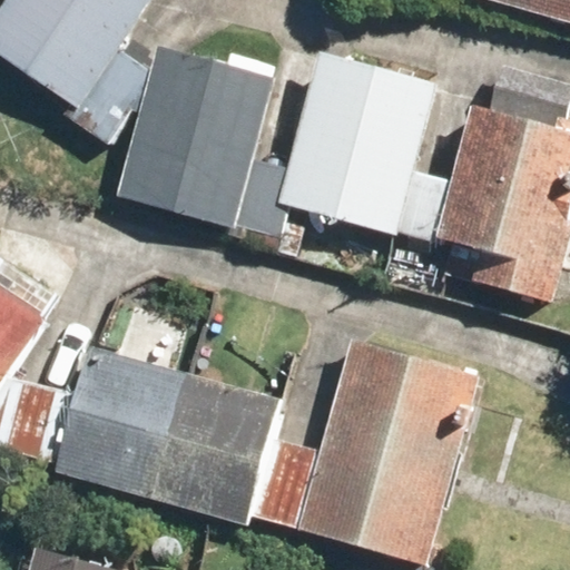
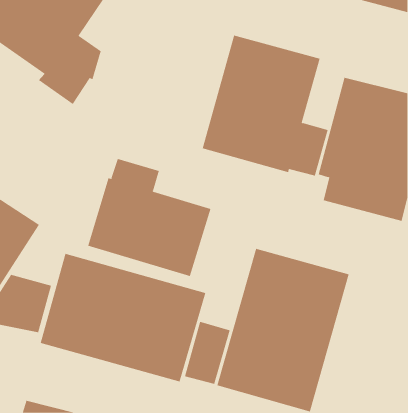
building: [110,43,281,242] -> none
building: none -> [88,158,211,277]

